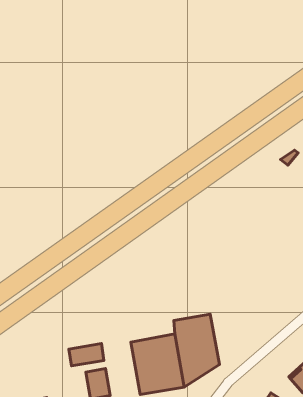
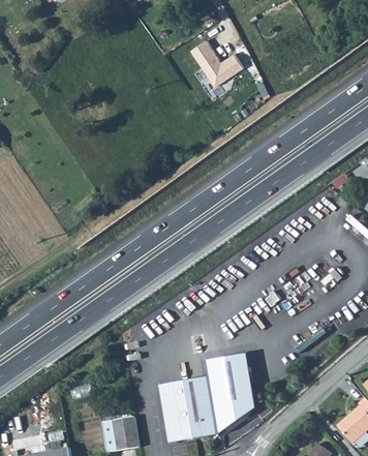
building: none -> [191,40,243,87]
building: [69,344,104,366] -> none

